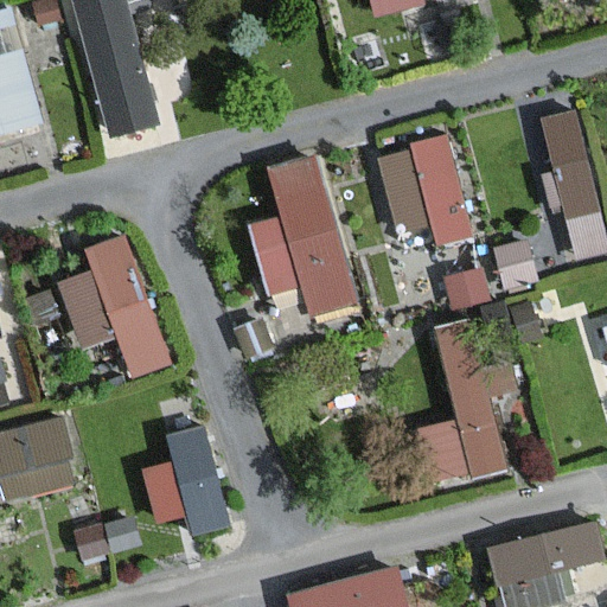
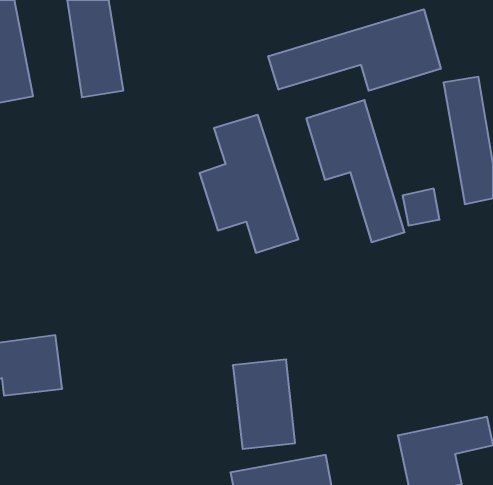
building: none -> [268,9,441,91]
building: [57,249,164,378] -> none
building: [414,320,518,491] -> none
building: [147,426,223,535] -> [233,359,295,449]

